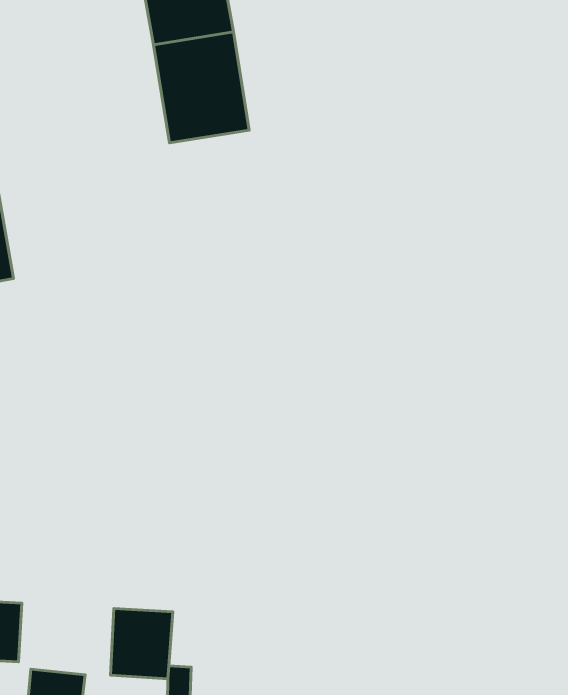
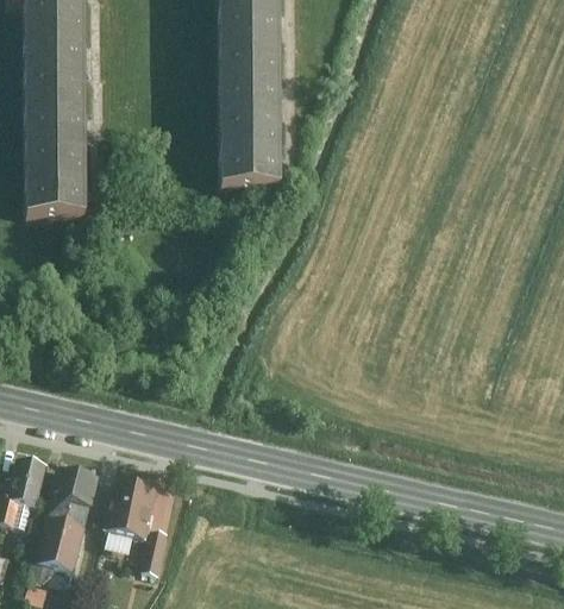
building: none -> [219,133,281,187]
building: none -> [50,467,102,525]

